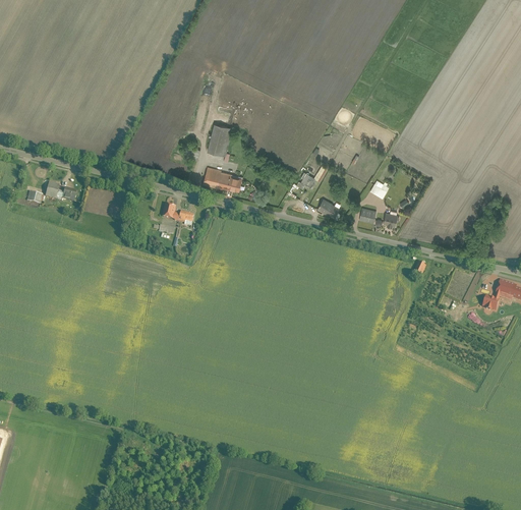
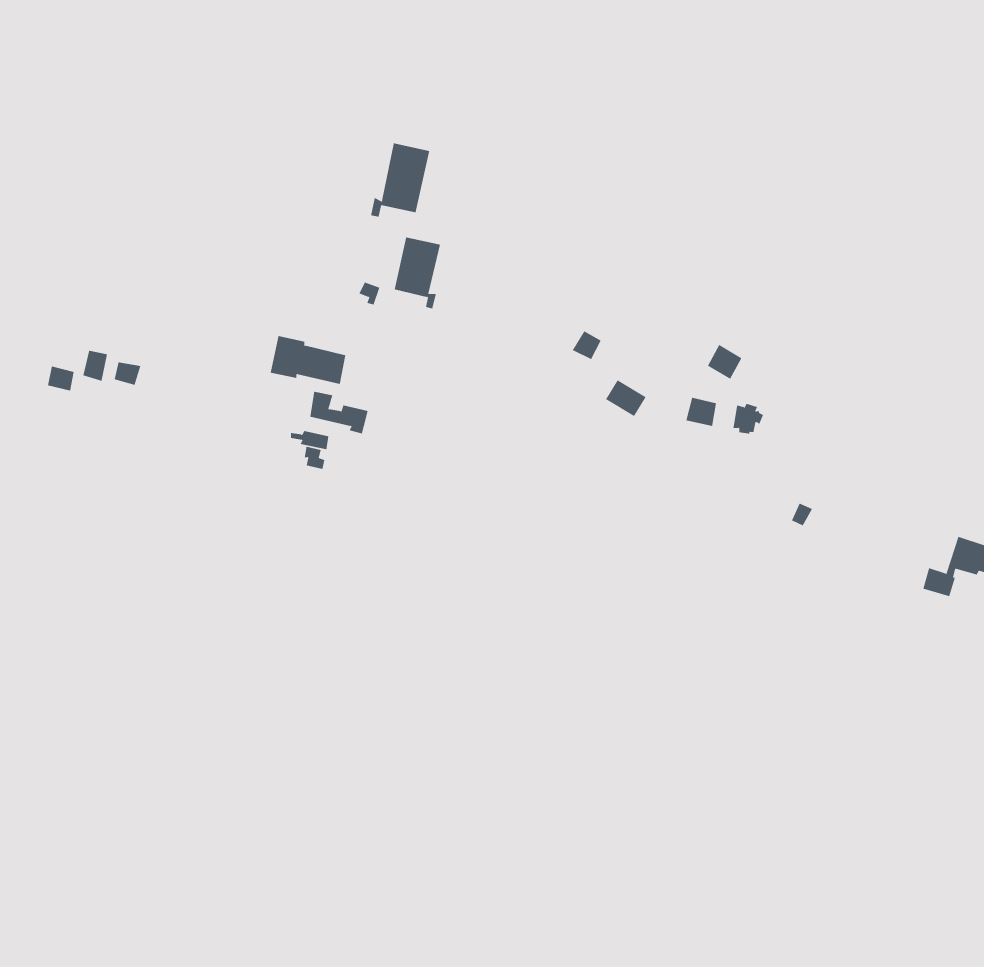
building: none -> [371,143,430,217]
building: [202,166,242,191] -> [270,336,346,384]

